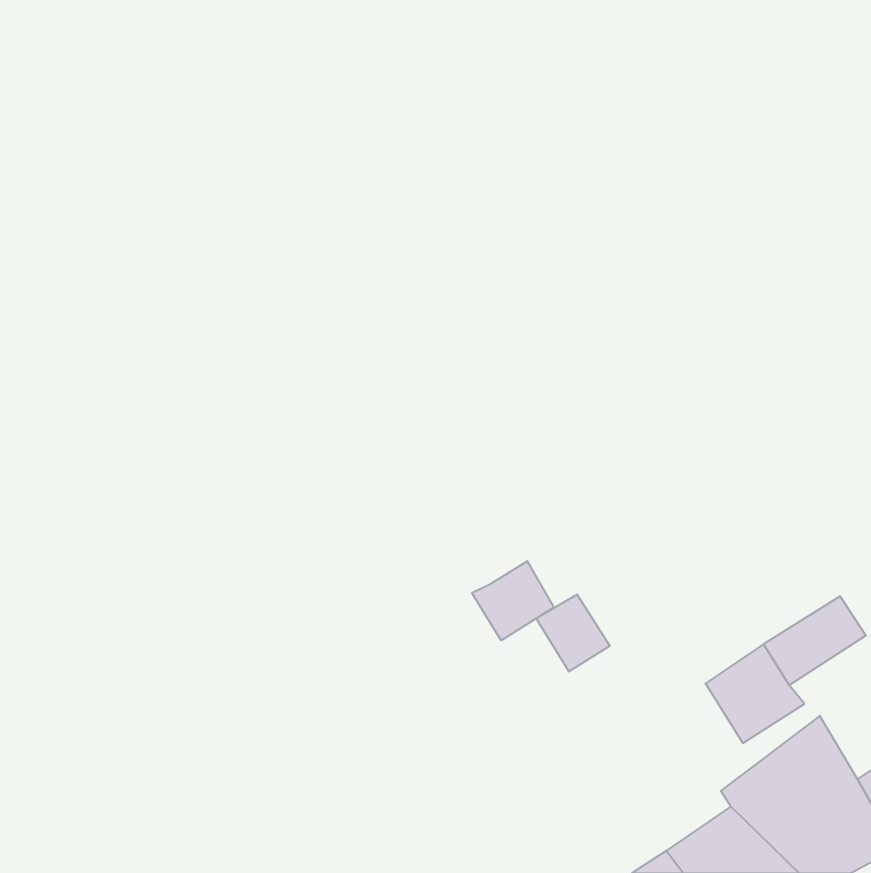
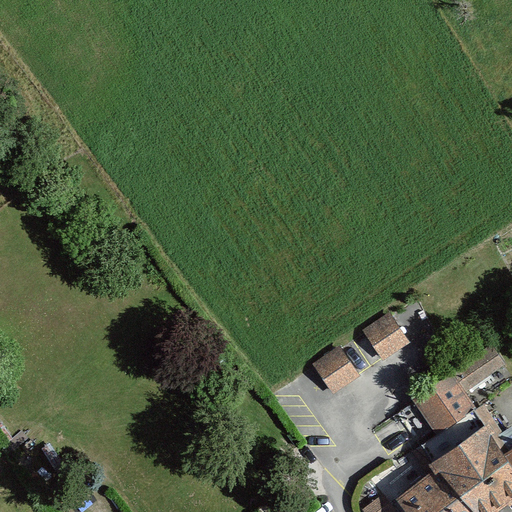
building: none -> [367,316,411,363]
building: [472,561,554,640] -> none

